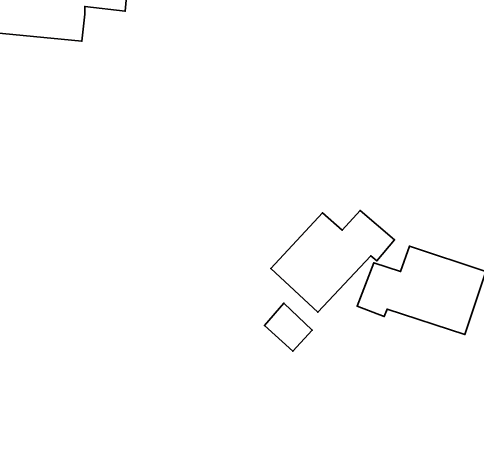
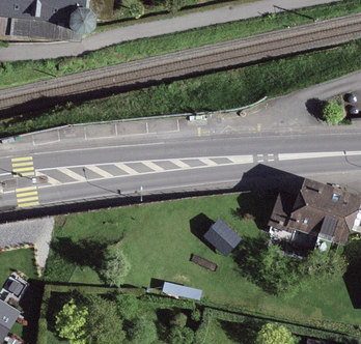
building: [271,211,394,312] -> none

